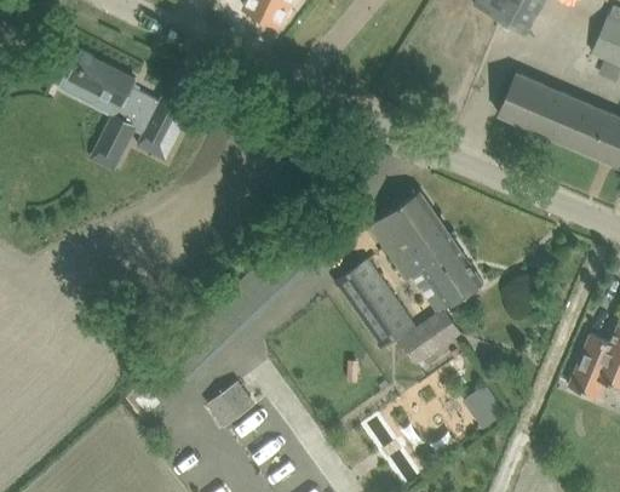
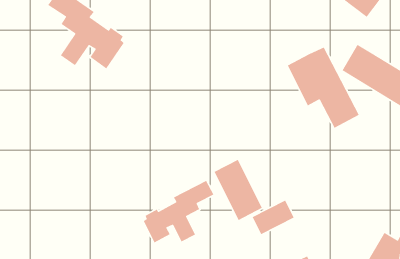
building: [371,193,484,308] -> [287,46,360,129]
building: none -> [143,180,215,243]
building: [208,383,248,421] -> none

